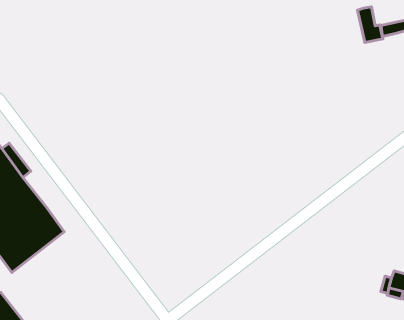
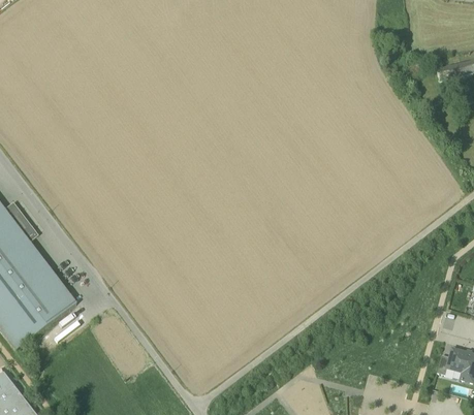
building: [358,7,383,42] -> none

